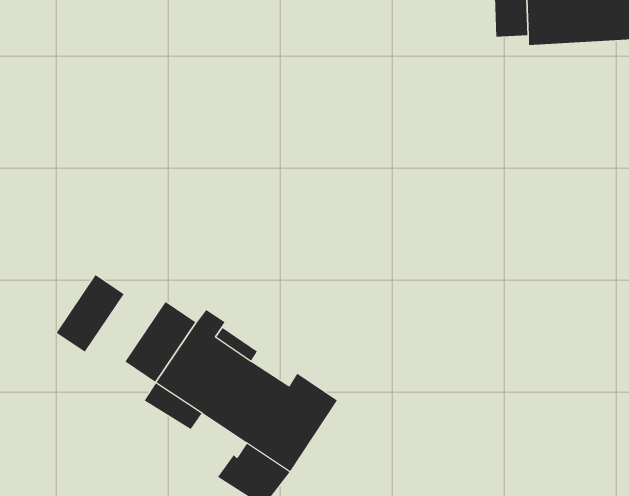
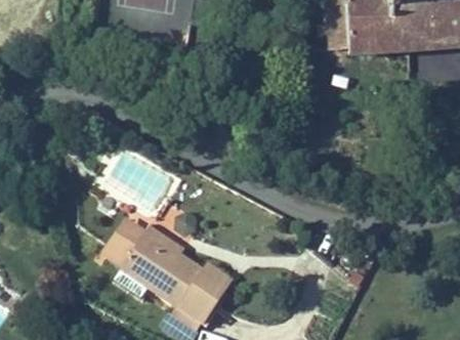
building: [56,274,124,352] -> none

